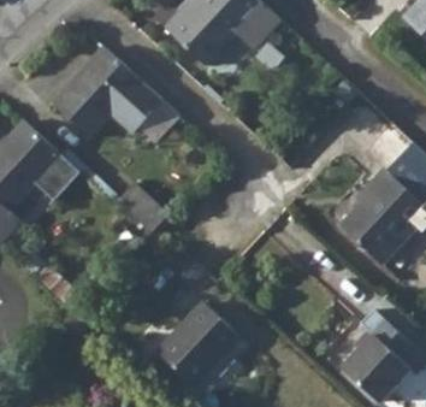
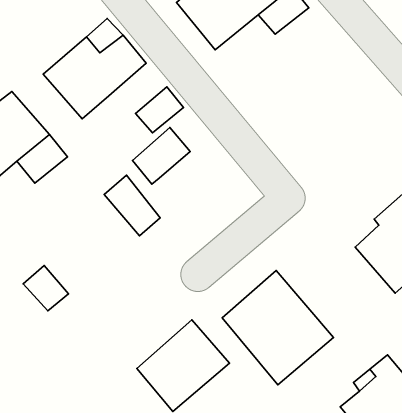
building: [108,82,159,134] -> [132,128,190,184]
building: none -> [222,271,334,385]

